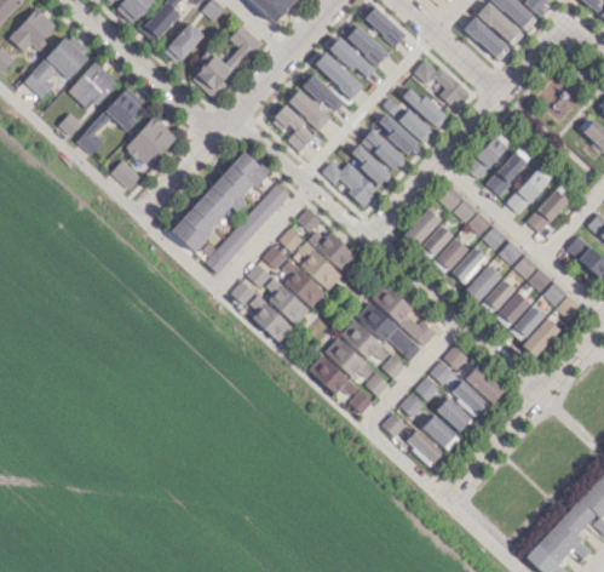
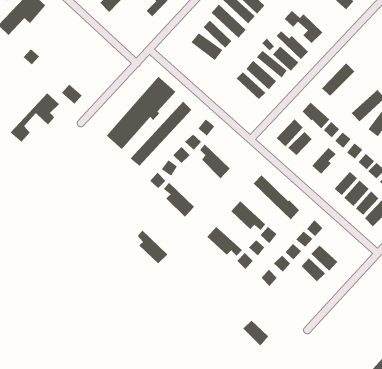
building: [192,55,232,98] -> none
building: [69,62,117,111] -> none
building: [76,87,144,155] -> [10,93,60,142]
building: [271,107,316,151] -> none
building: [126,116,176,168] -> none
building: [485,148,531,195] -> none
building: [322,162,378,205] -> none
building: [309,230,358,273] -> none
building: [432,238,467,274] -> none
building: [466,265,501,302] -> none
building: [286,268,326,308] -> none
building: [266,278,309,325] -> [137,229,168,264]
building: [358,302,421,362] -> none
building: [324,338,373,378] -> none
building: [465,366,504,404] -> none
building: [422,416,460,451] -> none
building: [405,430,442,467] -> [243,320,269,346]

